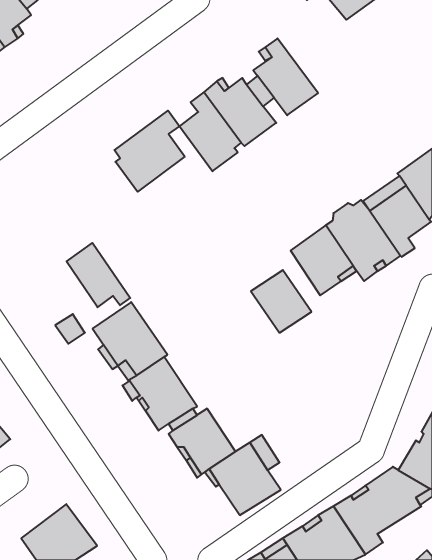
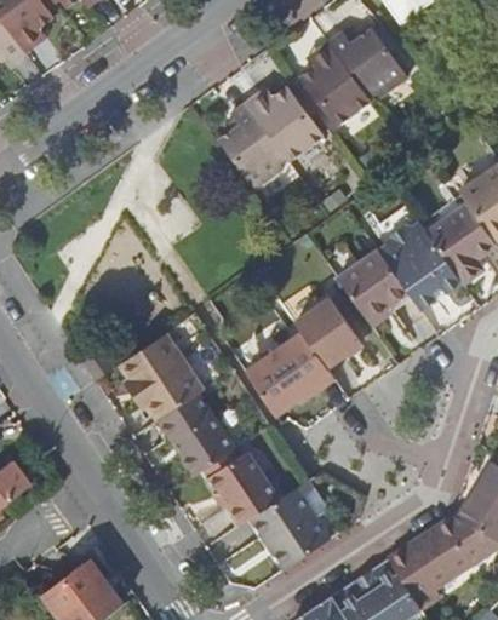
building: none -> [325,28,405,98]
building: [114,111,185,192] -> none
building: [67,243,130,307] -> none
building: none -> [246,332,336,413]

